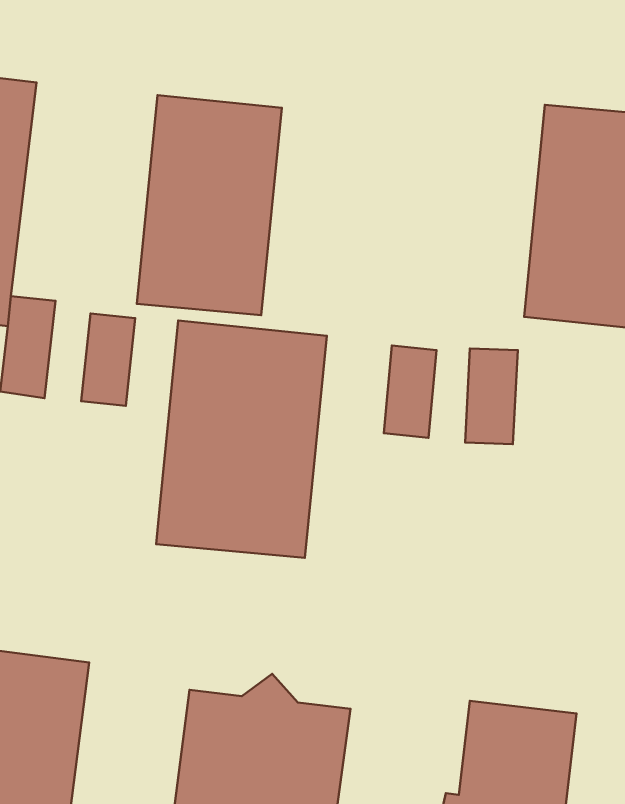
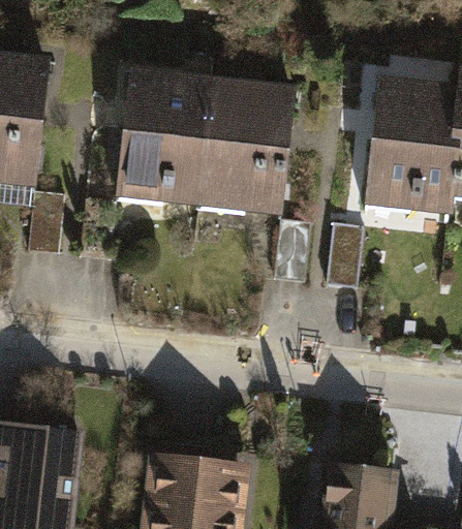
building: none -> [196,72,294,215]
building: [156,320,327,558] -> none

